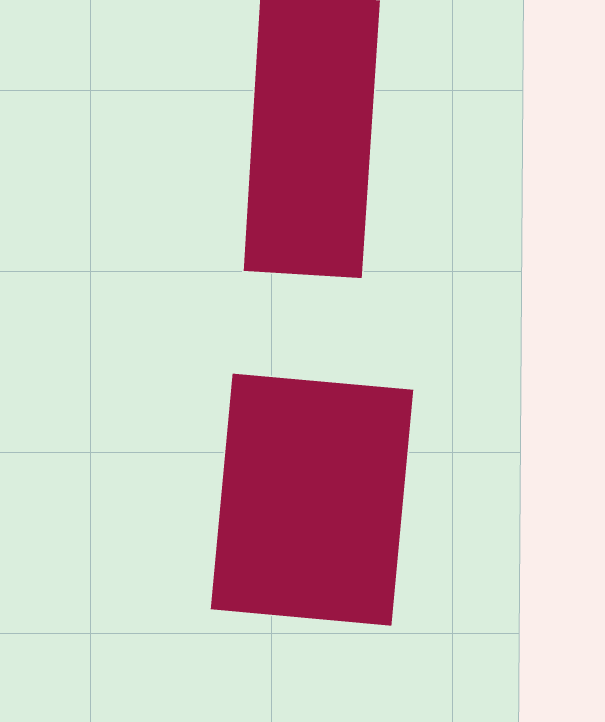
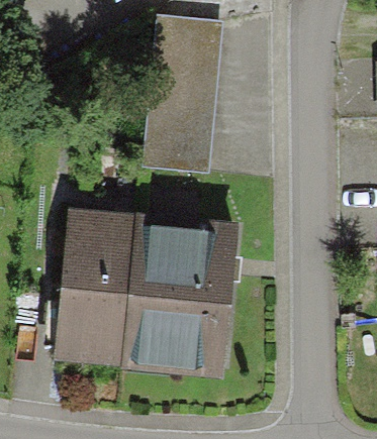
building: none -> [59,217,135,353]

